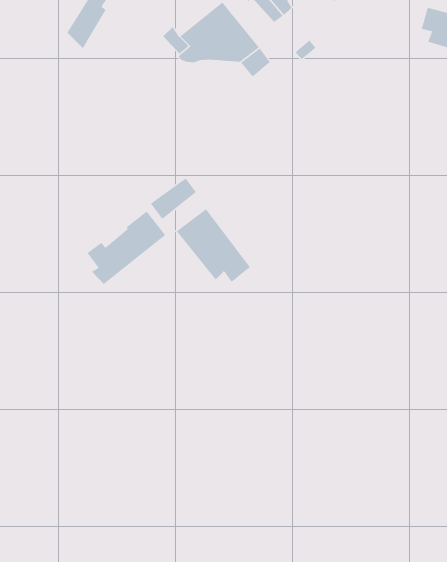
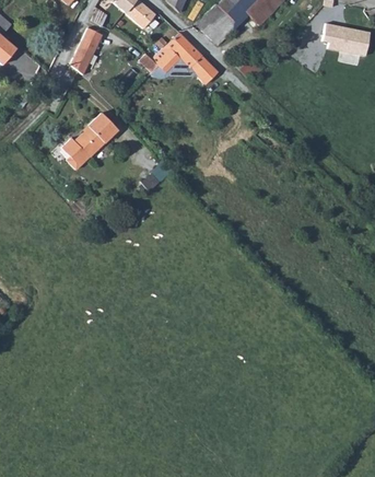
building: [176,208,251,283] -> none
building: [87,211,166,285] -> [61,113,117,168]

